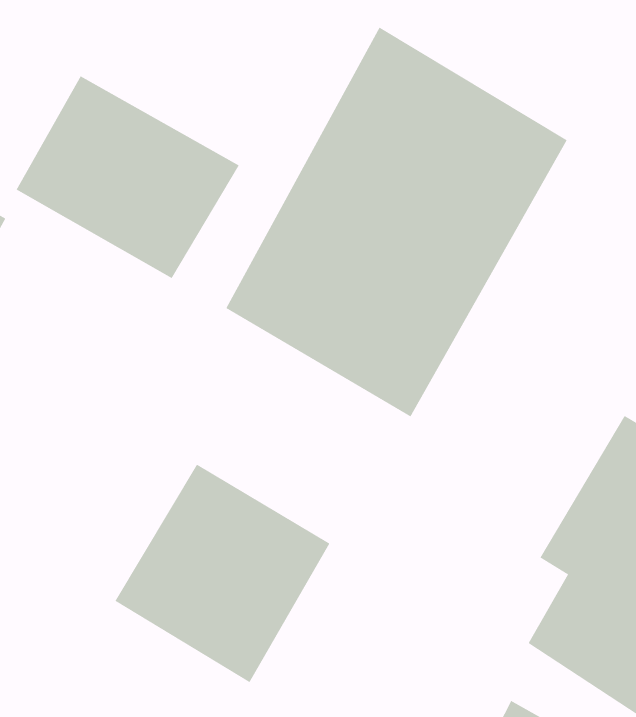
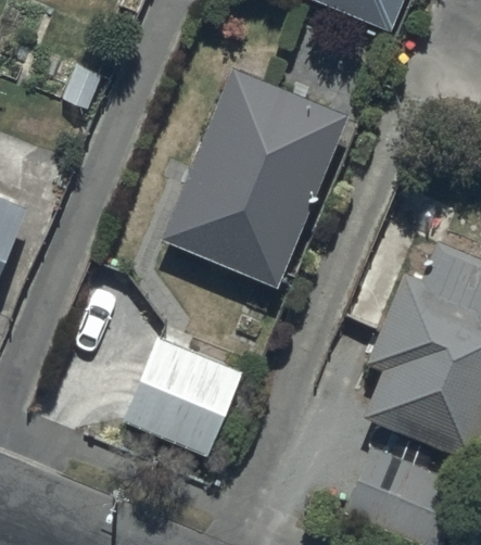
building: [16,76,239,279] -> none

